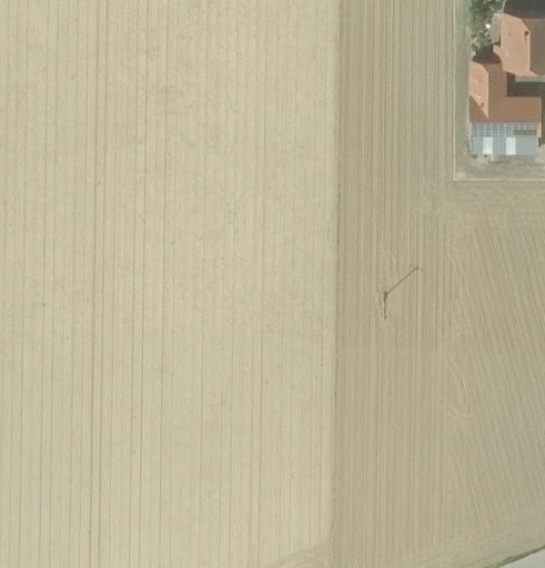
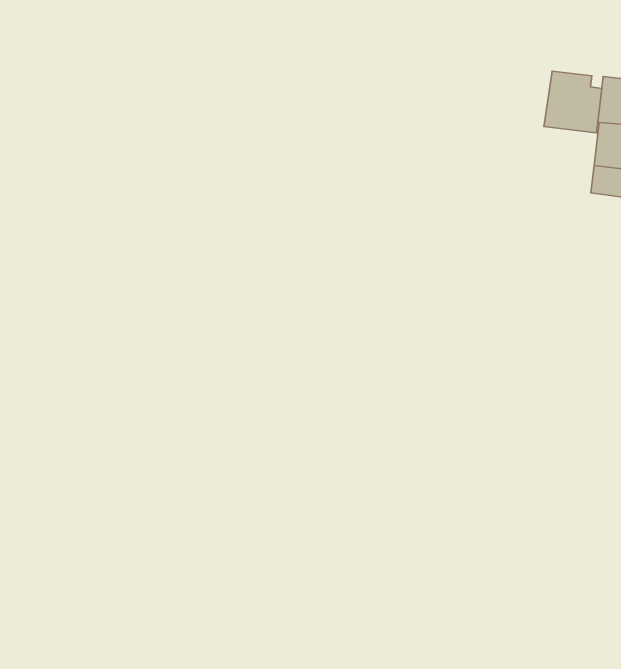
building: none -> [544,71,602,133]

